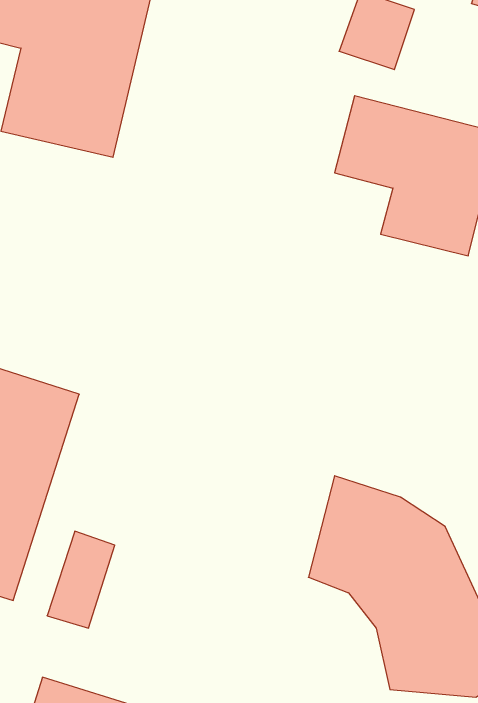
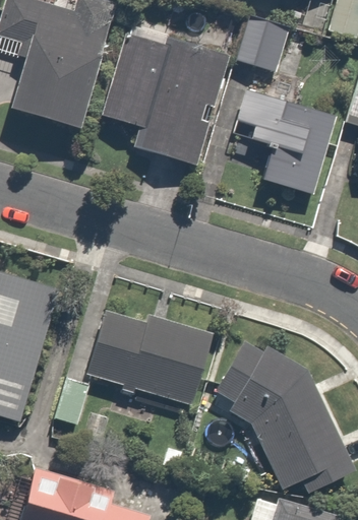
building: none -> [104,38,224,165]
building: none -> [87,310,215,403]

